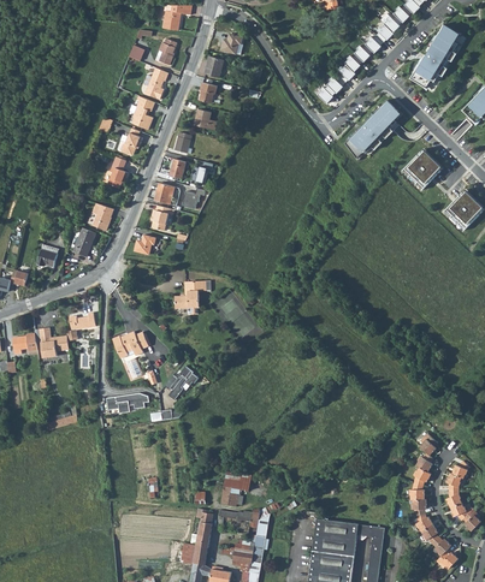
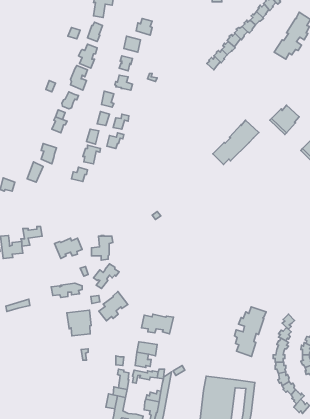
building: [342,101,404,161] -> [213,120,259,164]
building: [175,280,203,314] -> [91,235,113,260]
building: none -> [99,291,128,321]
building: none -> [234,307,266,356]
building: none -> [67,310,91,336]
building: none -> [141,314,174,334]

